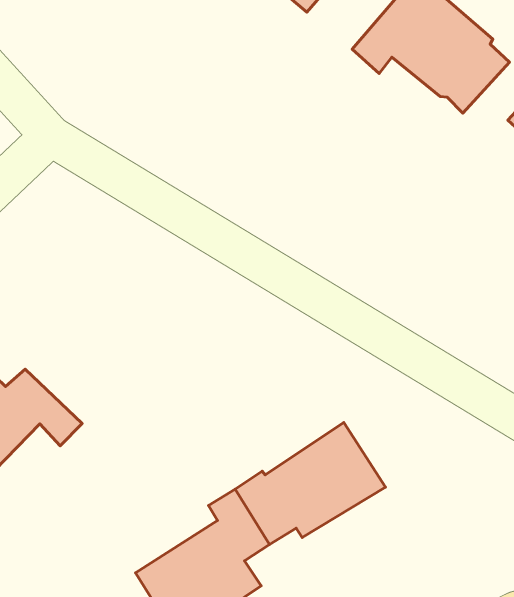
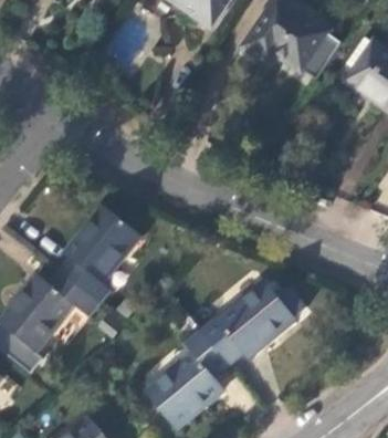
building: none -> [60,207,140,302]

